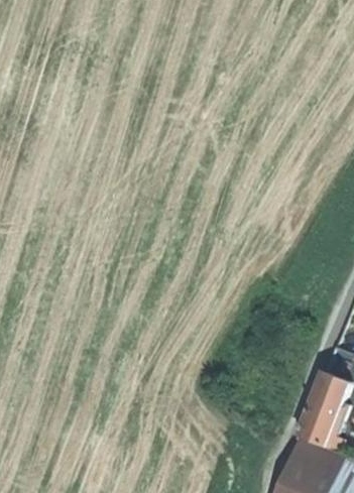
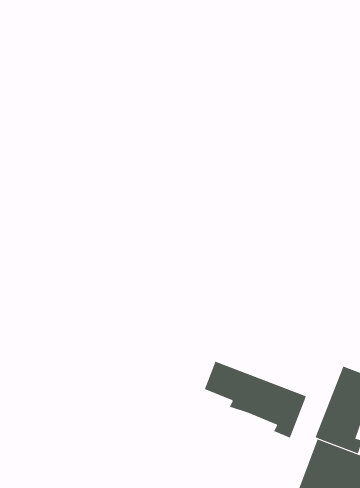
building: none -> [204,361,306,438]

